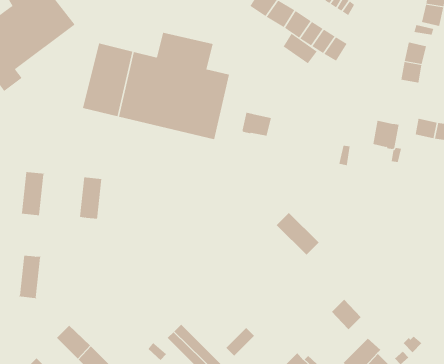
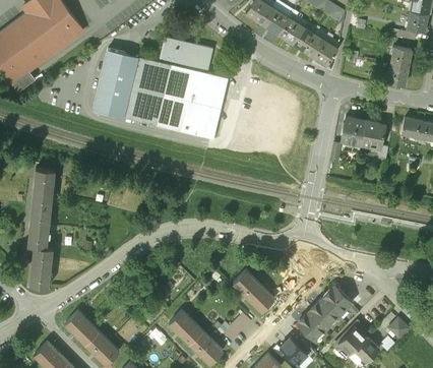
building: [283,33,318,64] -> none
building: [242,112,272,137] -> none
building: none -> [342,116,366,144]
building: [78,177,102,219] -> [28,207,51,247]
building: [276,212,319,256] -> [234,270,274,311]
building: none -> [300,301,338,340]

